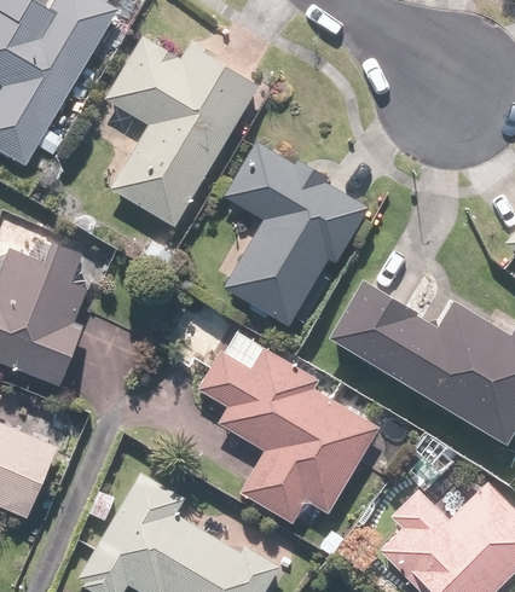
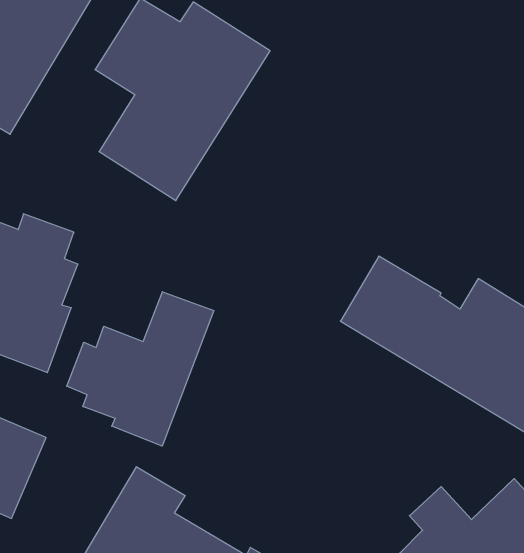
building: [220,141,368,327] -> none
building: none -> [67,292,214,446]
building: [201,330,378,522] -> none

